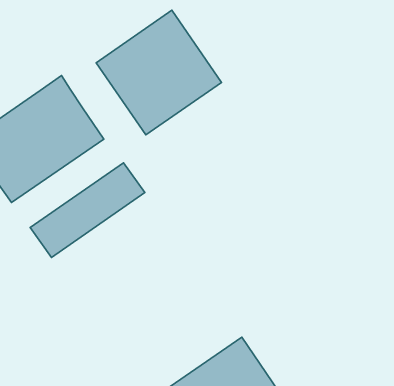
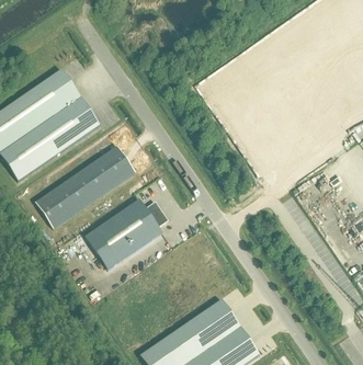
building: [96,10,221,135] -> none
building: none -> [86,198,168,269]

